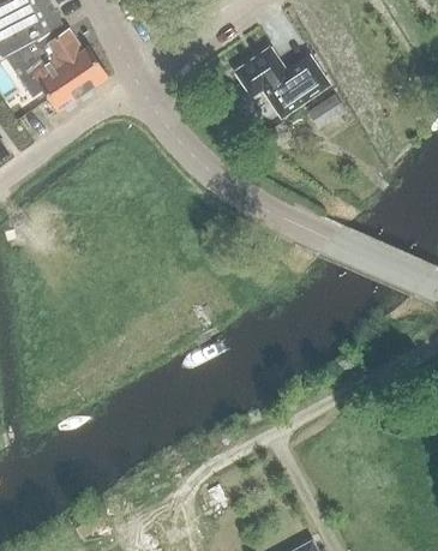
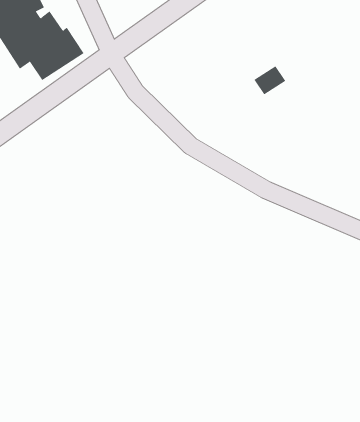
building: [234,47,330,118] -> none

